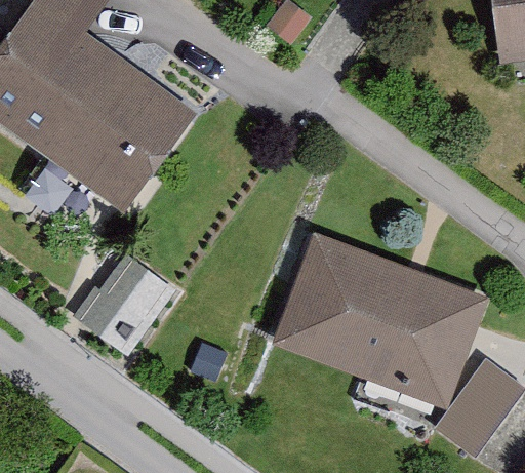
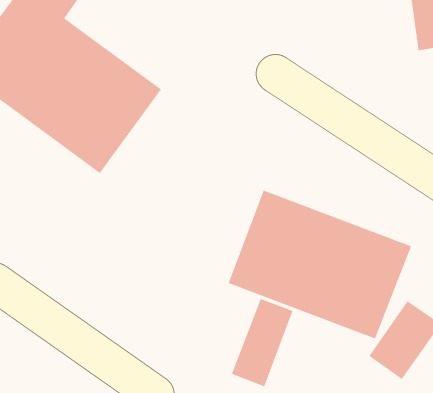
building: [84,237,177,339] -> none
building: none -> [231,298,293,387]

